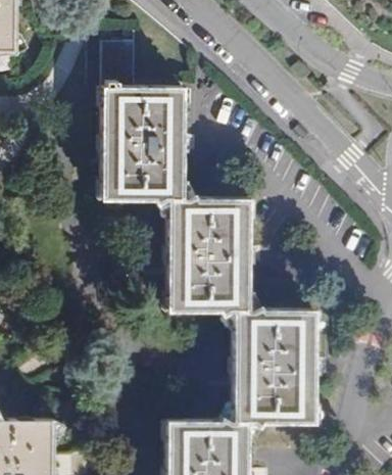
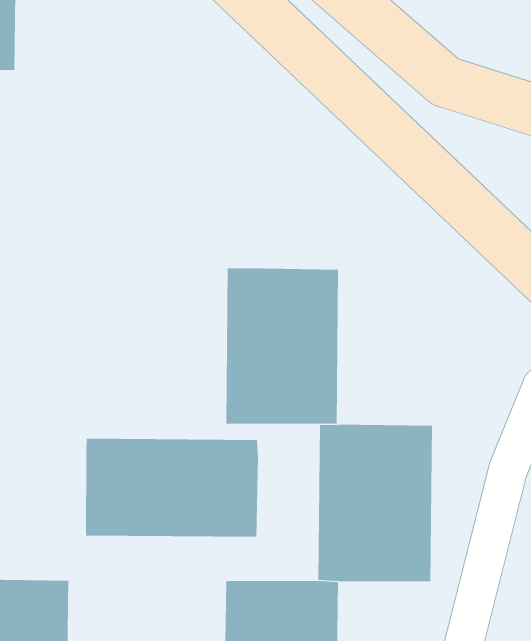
building: [101,28,183,197] -> none
building: none -> [86,438,259,538]

